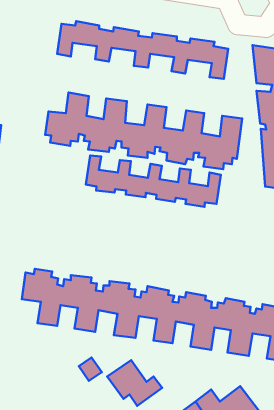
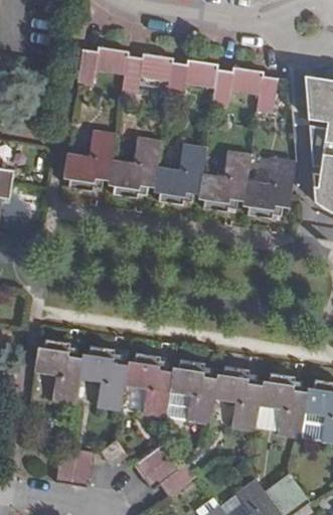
building: [86,155,221,207] -> none
building: none -> [56,447,94,488]

